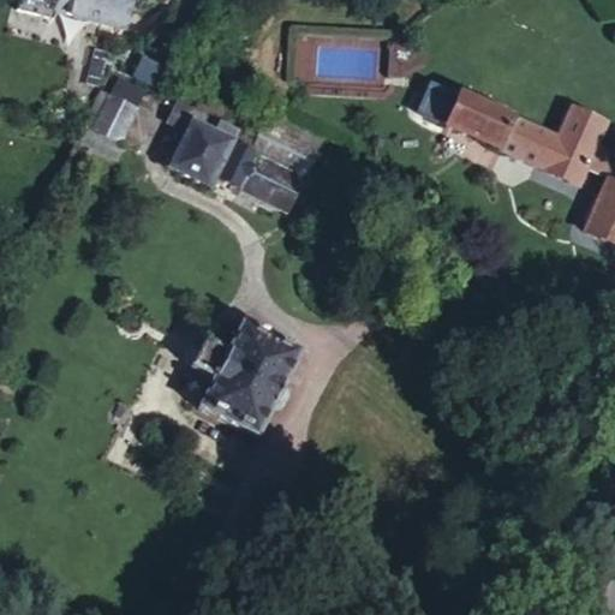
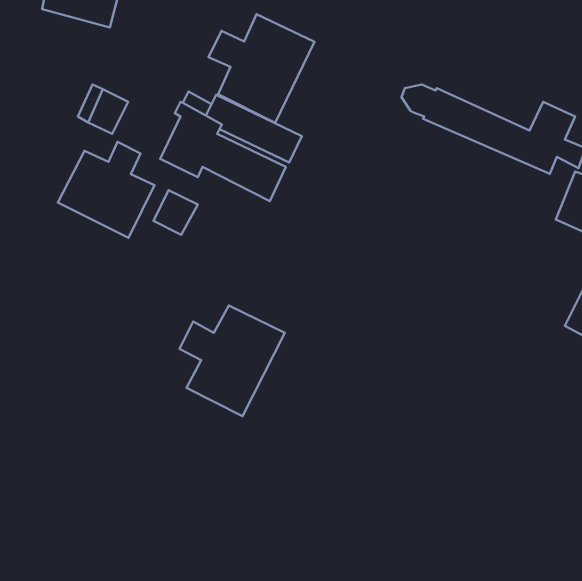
building: none -> [209,14,315,123]
building: none -> [58,142,155,238]
building: none -> [153,190,198,235]

